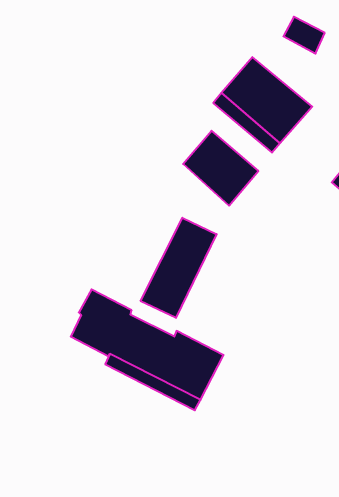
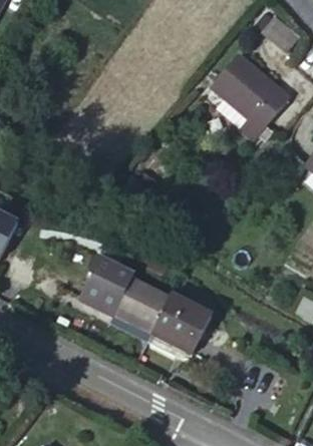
building: [183,131,258,206] -> none
building: [141,218,217,318] -> none

